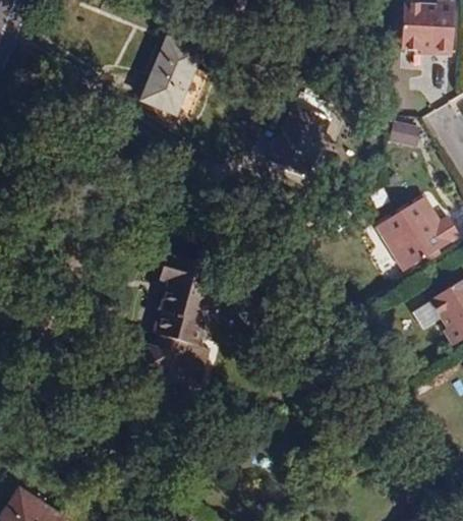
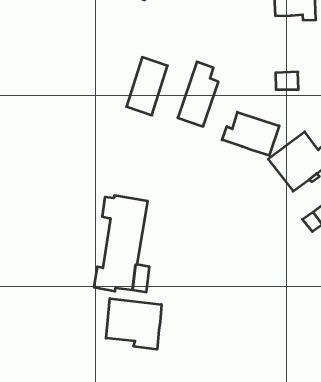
building: [140,41,196,115] -> [126,57,168,115]
building: none -> [222,112,279,155]
building: none -> [106,298,161,349]

